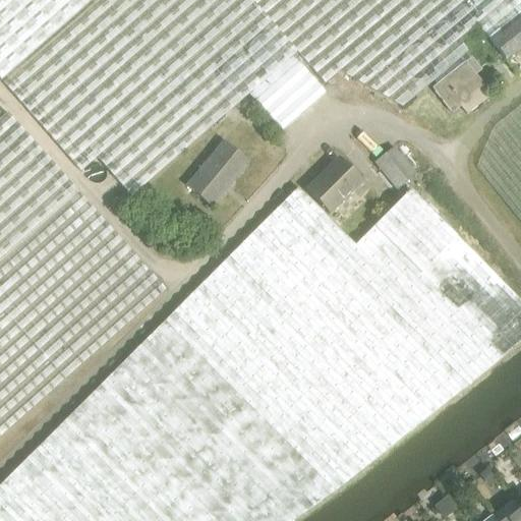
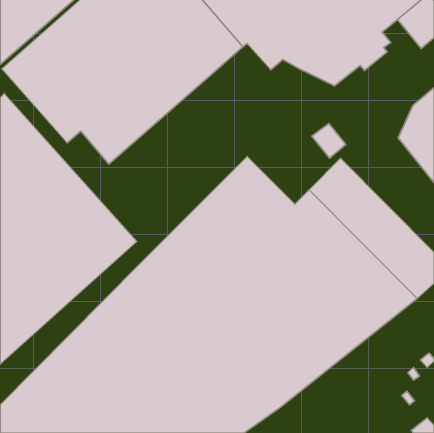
building: [248,56,325,130] -> none
building: [431,57,489,113] -> none
building: [185,142,246,207] -> none
building: [305,159,359,214] -> none

